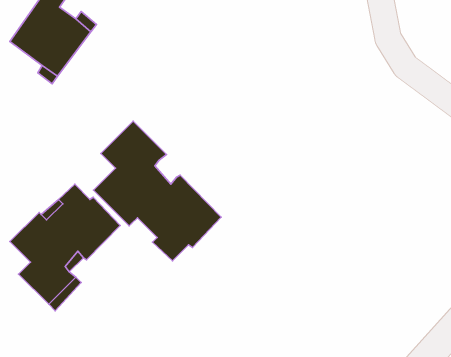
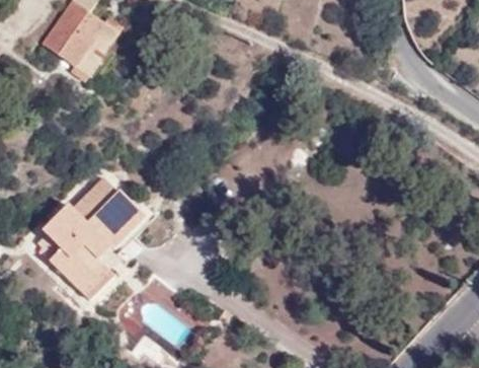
building: [94,121,221,261] -> none

